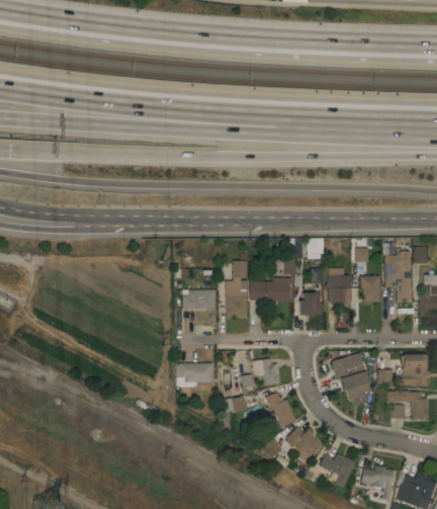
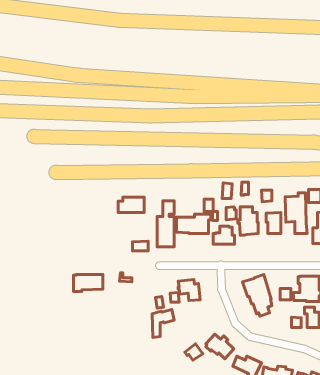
building: [183,289,215,309] -> [118,197,144,213]
building: [176,363,212,385] -> [74,274,103,292]
building: [266,393,296,427] -> none

